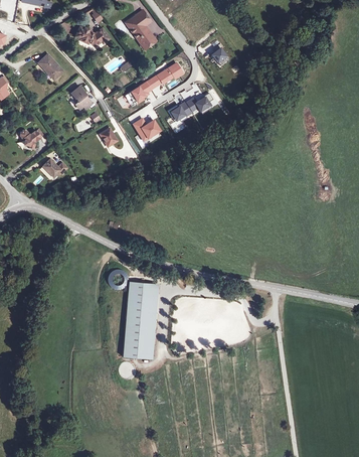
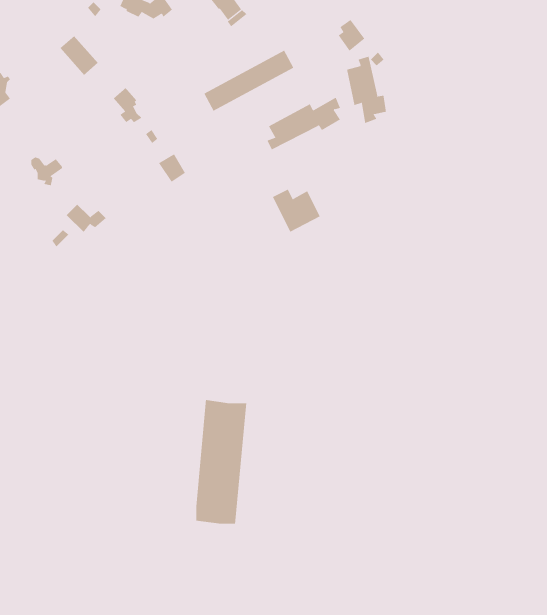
building: none -> [347,56,387,124]
building: [133,118,163,145] -> [272,189,321,233]

